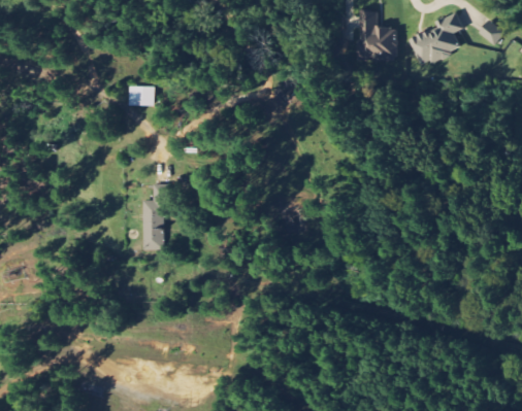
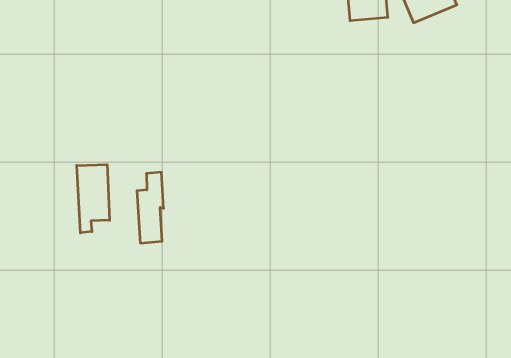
building: [130,85,156,105] -> none
building: none -> [77,165,110,233]

